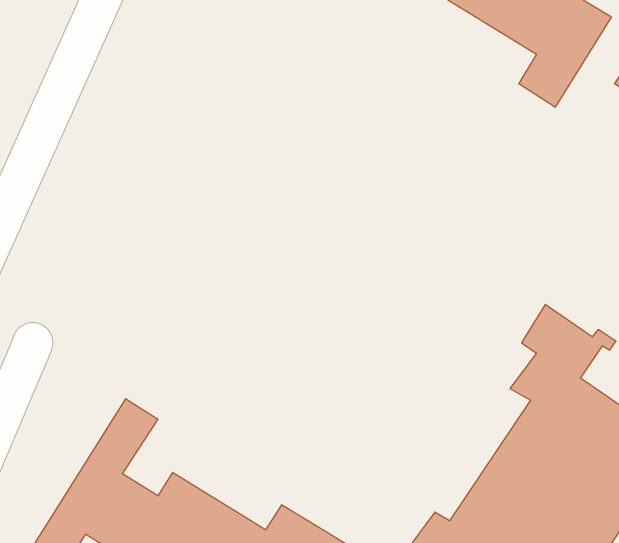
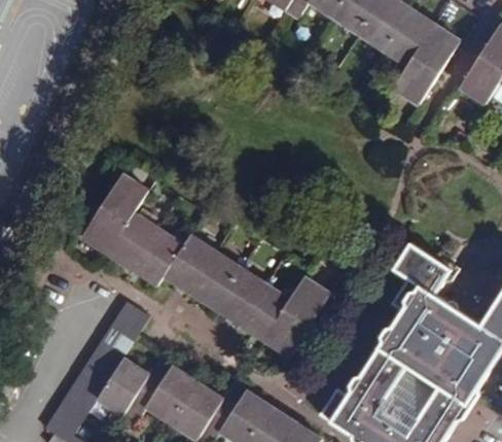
building: none -> [76,177,327,354]

